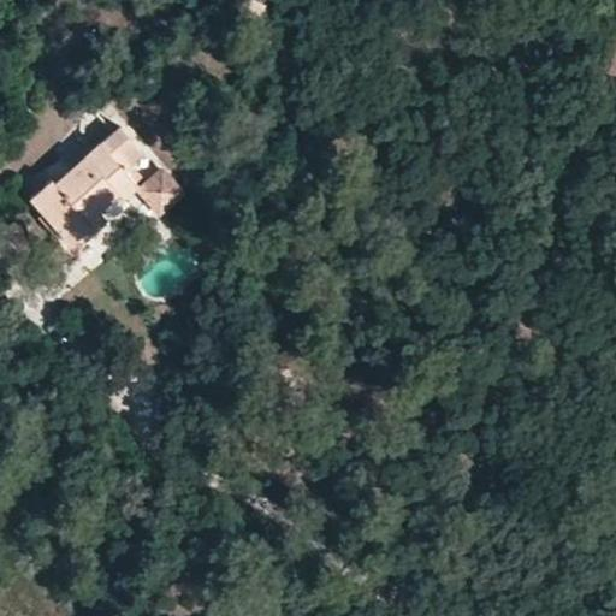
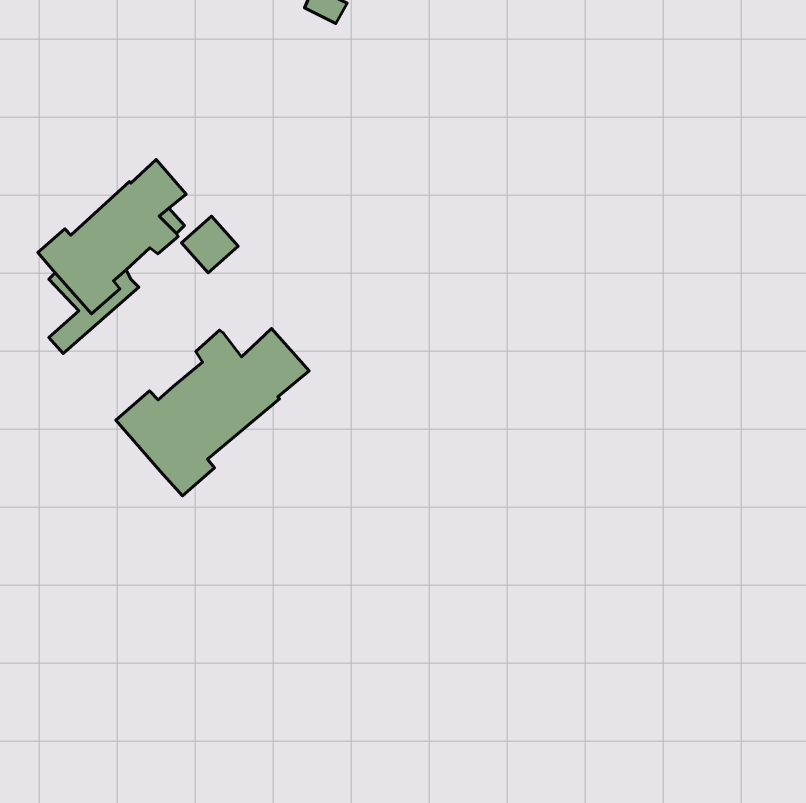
building: none -> [116,329,309,496]

